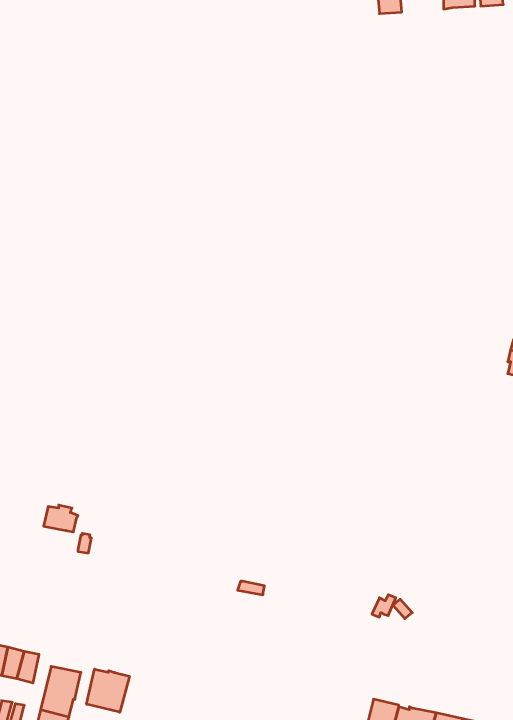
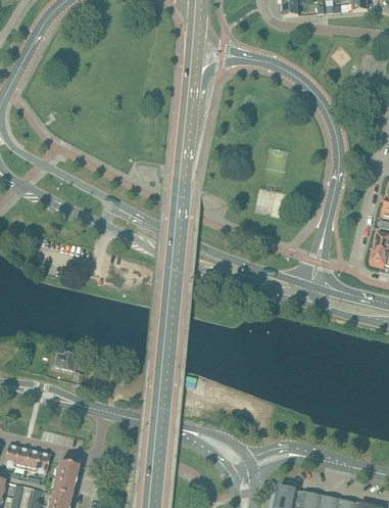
building: [87,669,129,712] -> none

